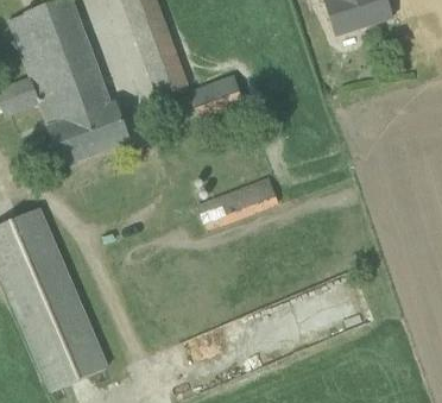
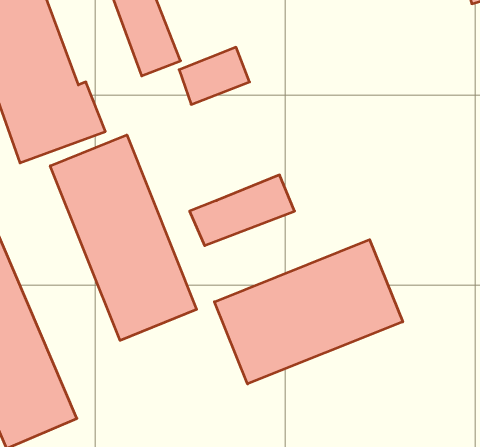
building: none -> [50,135,197,340]
building: none -> [214,240,403,384]

